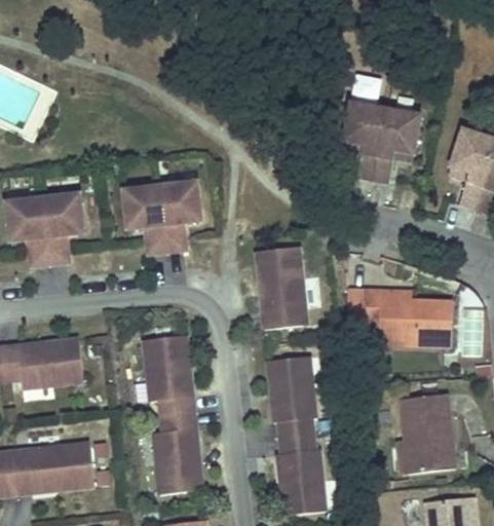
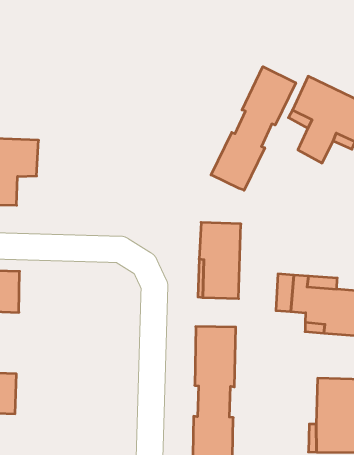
building: none -> [211,67,296,190]
building: [123,180,201,254] -> none
building: [144,326,200,485] -> none

